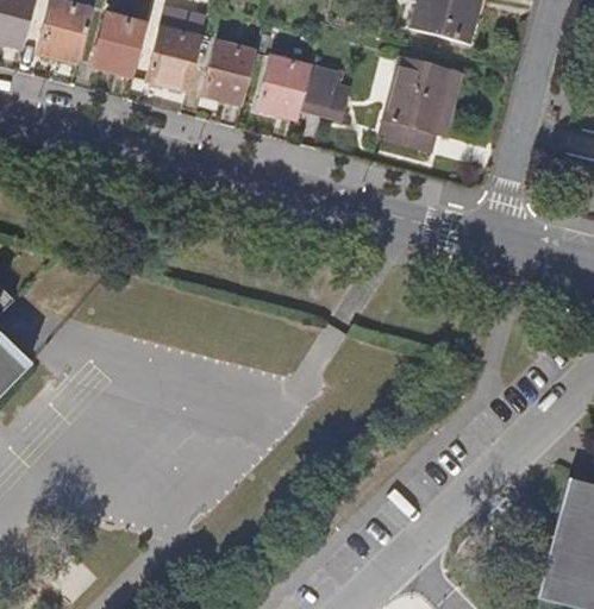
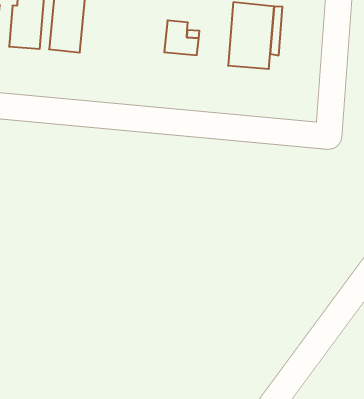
building: [202,42,257,105] -> none
building: [255,55,309,117] -> none

